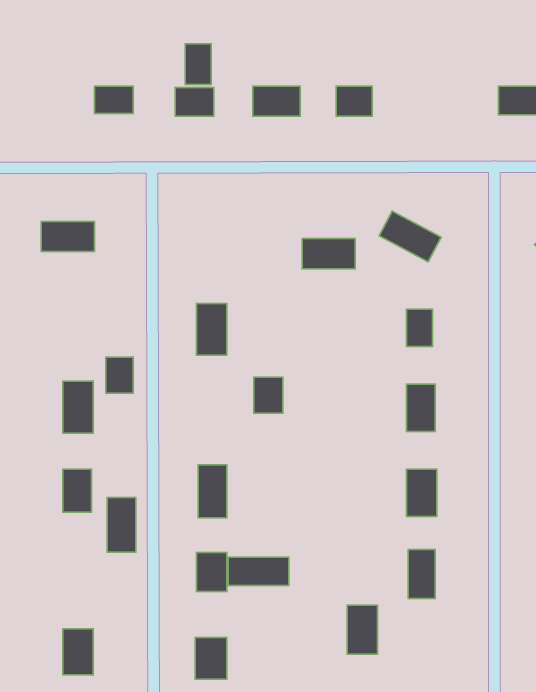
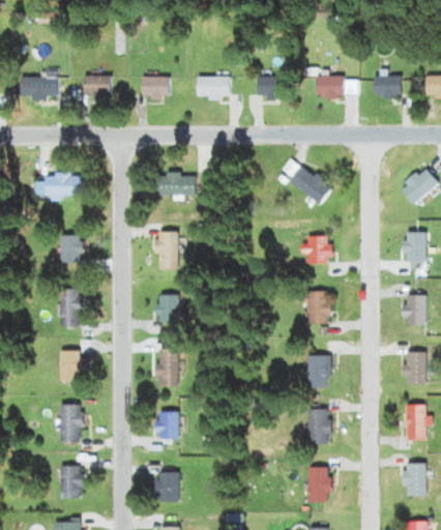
building: [185,44,211,85] -> none
building: none -> [316,76,356,95]
building: none -> [21,77,58,97]
building: [302,239,355,269] -> [157,173,196,195]
building: [106,357,133,393] -> [61,235,81,261]
building: [254,377,283,413] -> [157,295,178,321]
building: [107,498,136,552] -> [60,404,81,443]
building: [228,557,289,585] -> none
building: [347,605,377,654] -> [308,467,330,502]

